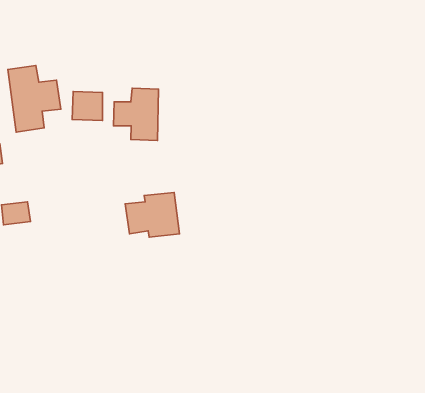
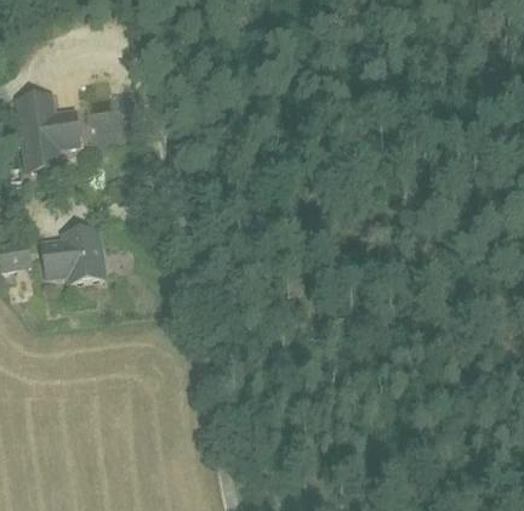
building: [113,88,159,141] -> none
building: [125,192,179,237] -> [39,225,102,277]

